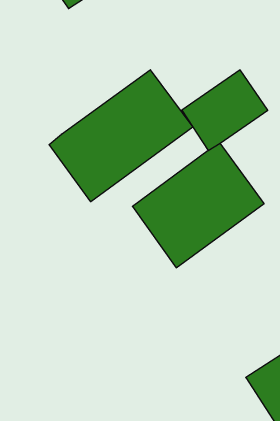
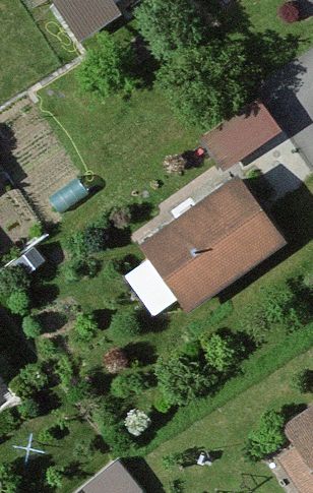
building: [49,70,193,202] -> none

